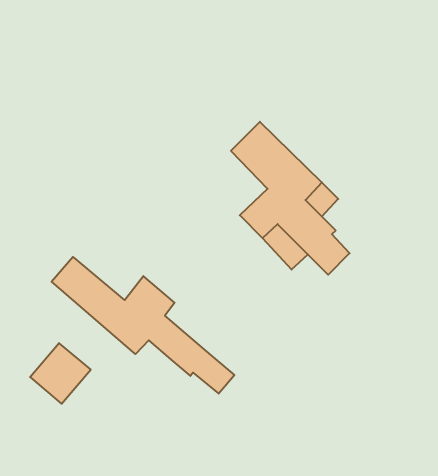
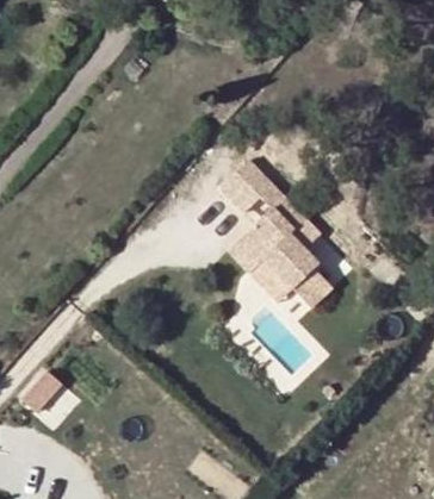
building: [52,257,234,394] -> none

